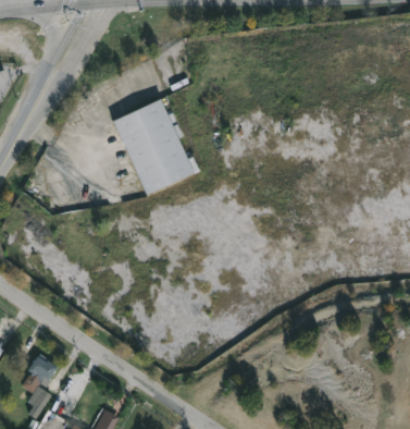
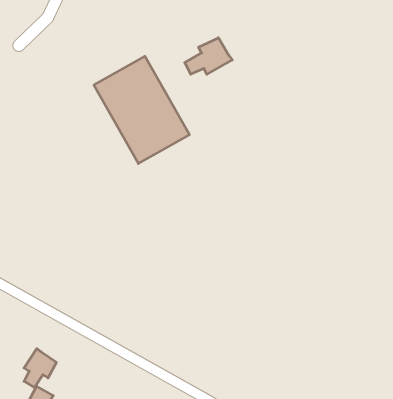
building: none -> [185,38,232,74]

